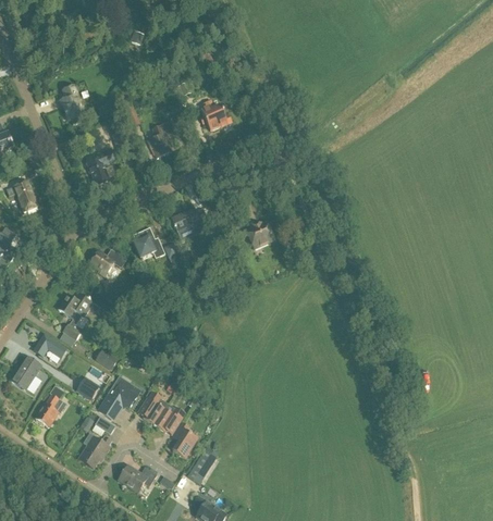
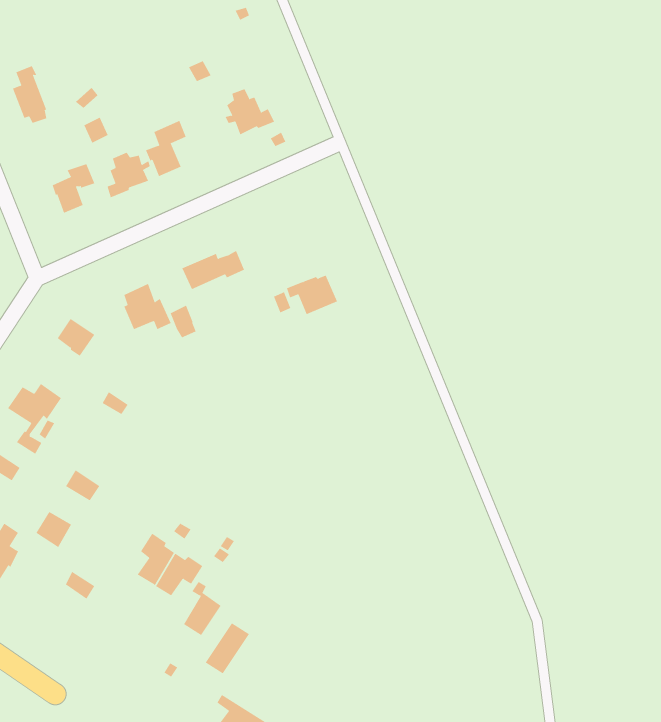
building: none -> [107,152,151,198]
building: [97,382,136,419] -> none
building: [78,432,112,468] -> none
building: [118,466,156,492] -> none

